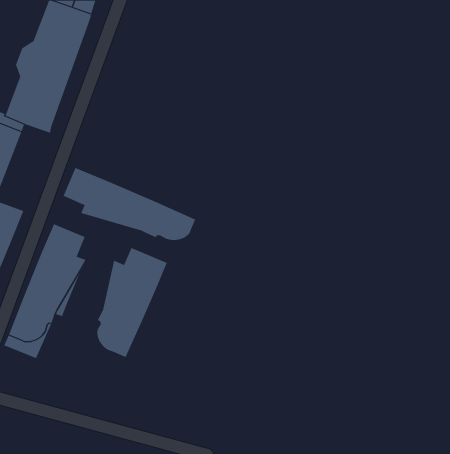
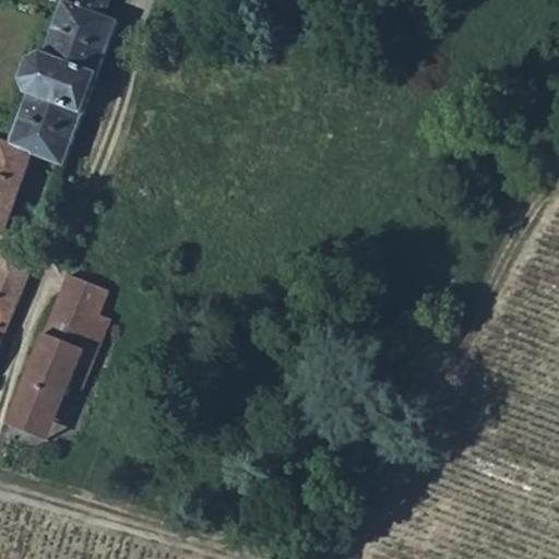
building: [63,167,196,241] -> none
building: [97,247,167,358] -> none

